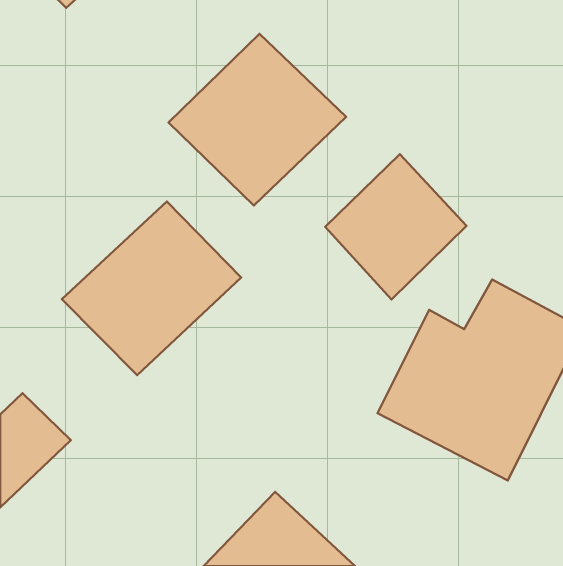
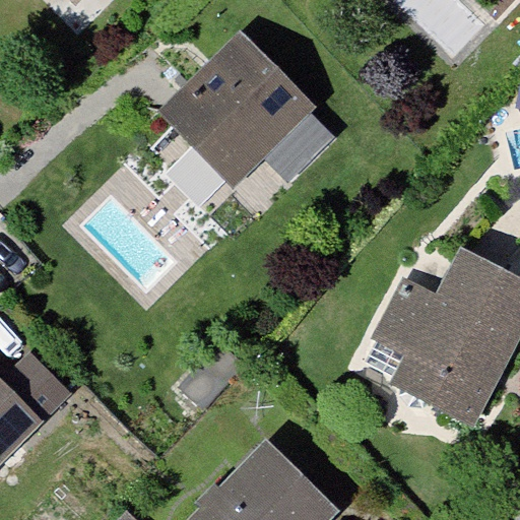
building: [325,154,466,300] -> none
building: [62,201,241,375] -> none

